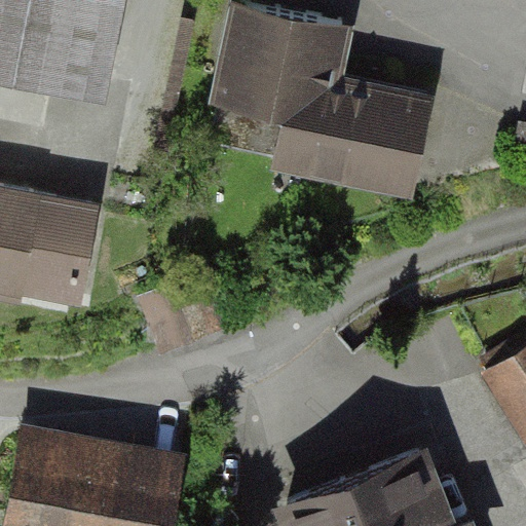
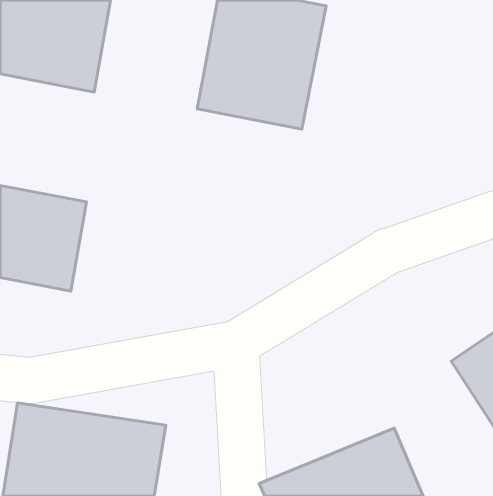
building: [324,57,426,171] -> none

